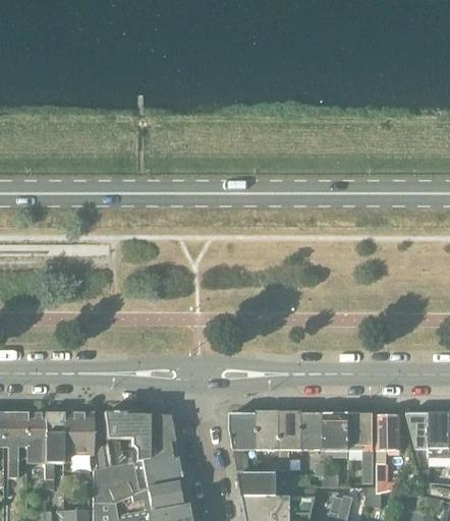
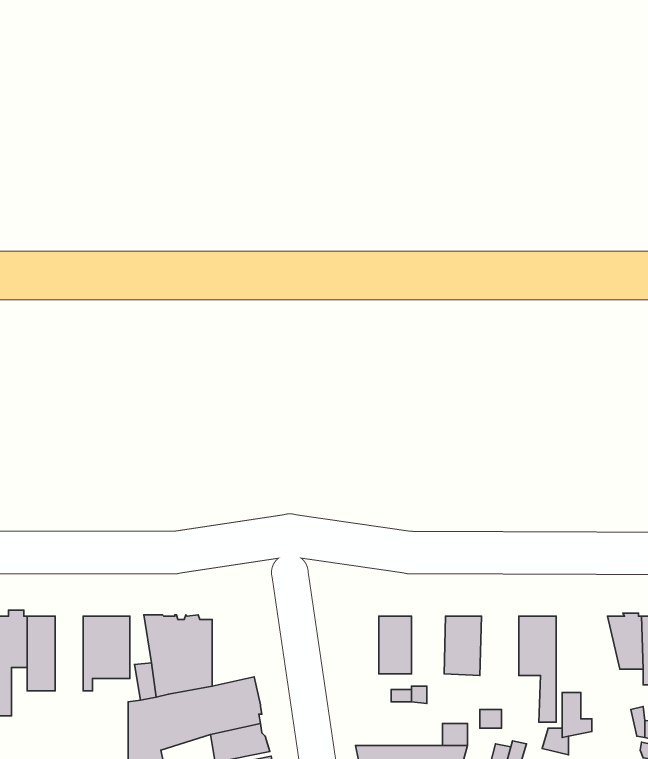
building: [46,414,64,489] -> none
building: [231,414,258,470] -> none
building: [279,414,301,452] -> none
building: [324,414,349,453] -> none
building: [377,414,400,451] -> none
building: [149,417,176,460] -> none
building: [238,475,277,499] -> none

